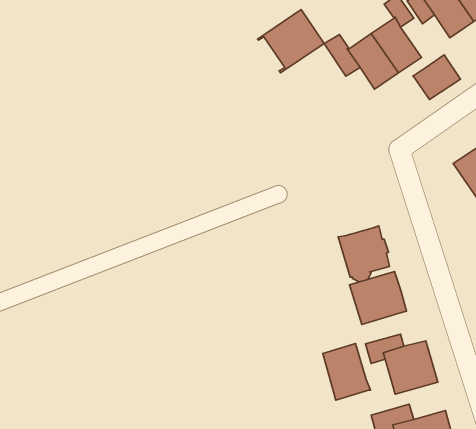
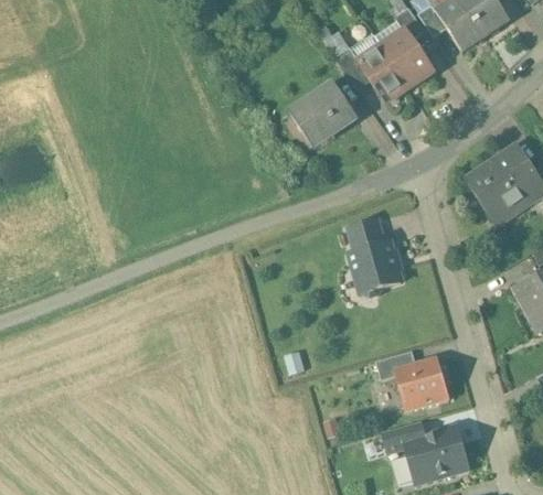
building: [257,10,324,73] -> [289,84,356,148]
building: [413,55,461,100] -> none
building: none -> [349,218,383,250]
building: [350,272,406,324] -> none
building: [323,344,370,400] -> none

